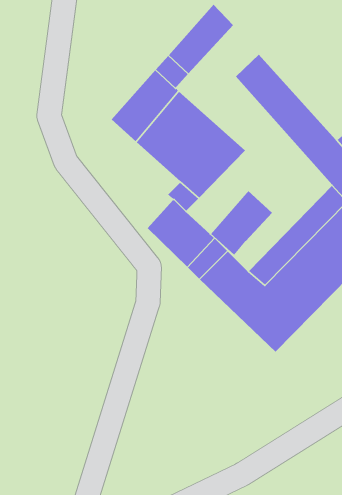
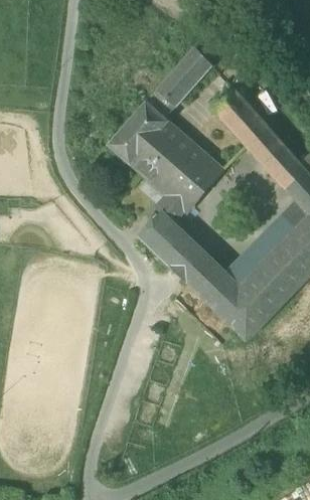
building: [210,190,273,255] -> none

